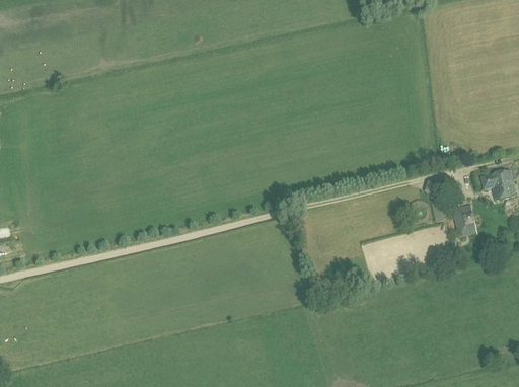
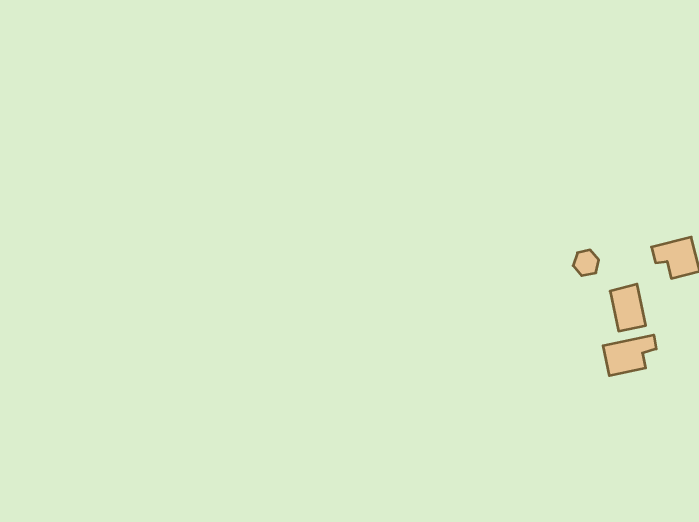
building: none -> [603,335,656,376]

